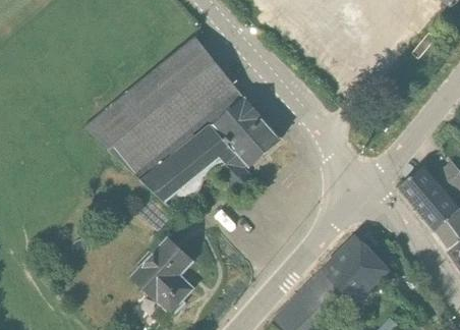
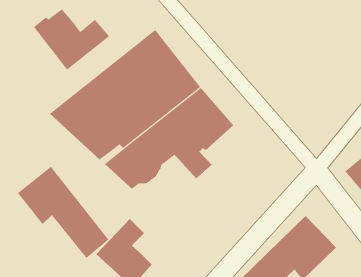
building: none -> [33,8,110,70]
building: none -> [17,166,109,259]

